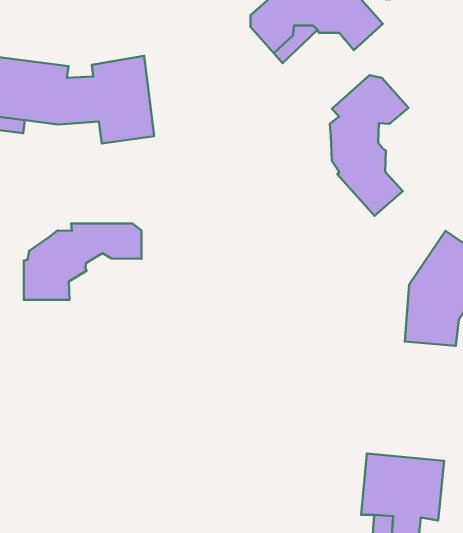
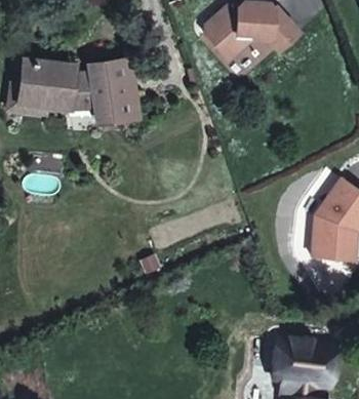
building: [330,75,408,216] -> none
building: [24,223,141,300] -> none

